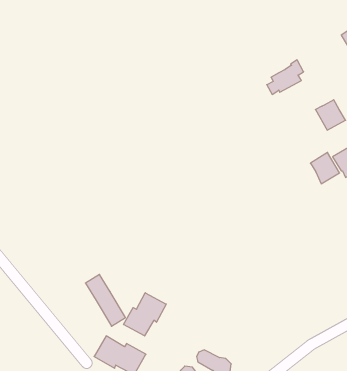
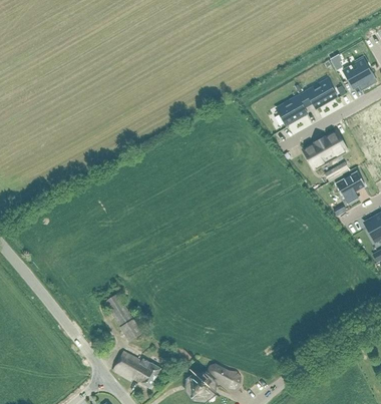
building: none -> [302,82,335,107]
building: [310,152,340,184] -> [303,140,330,169]
building: [124,293,166,336] -> none

